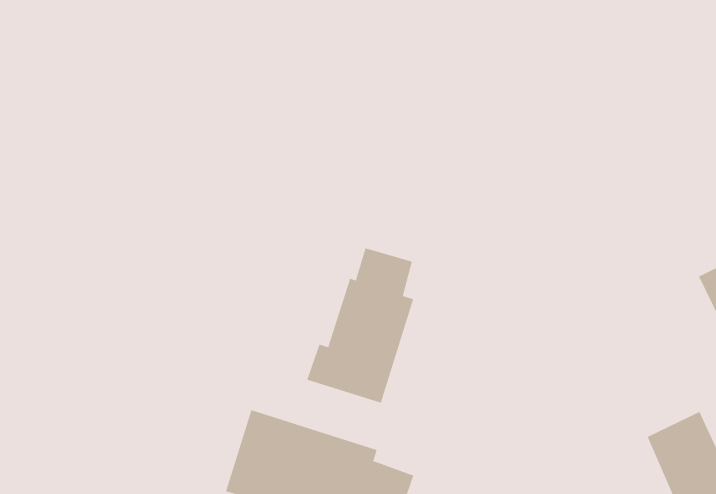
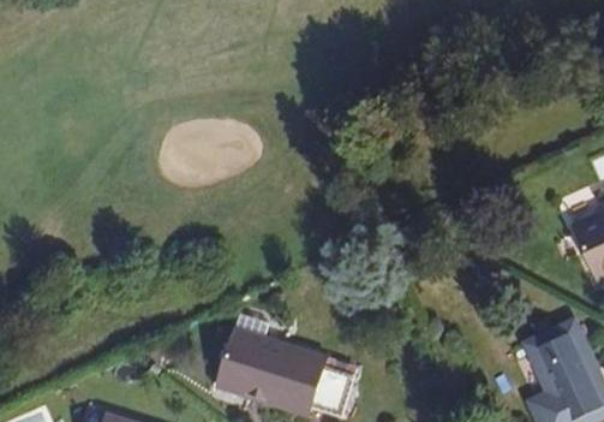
building: [307,248,414,404] -> none

